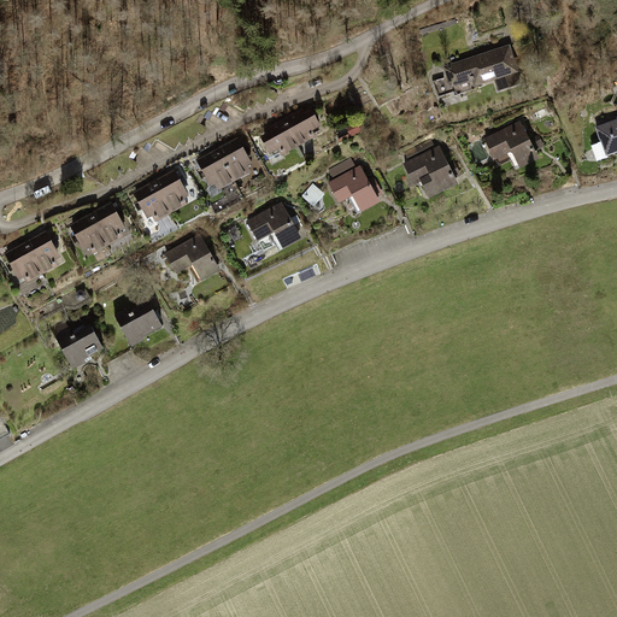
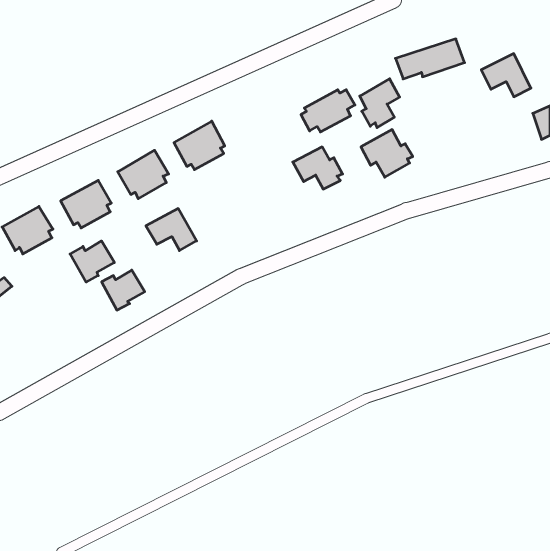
building: none -> [360,79,400,128]
building: [259,108,319,155] -> [301,90,355,132]
building: [483,121,539,169] -> [481,54,531,97]
building: [245,202,301,249] -> none
building: [53,324,102,370] -> [70,241,114,282]

